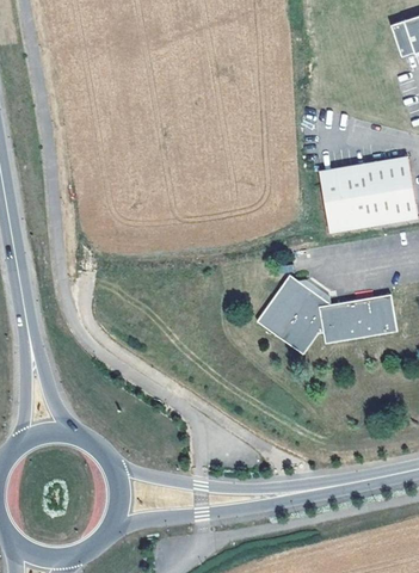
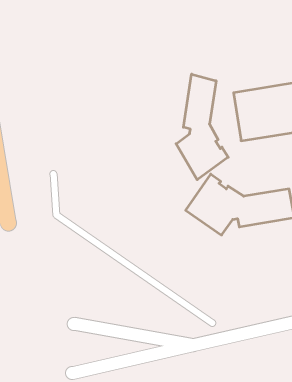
building: none -> [176,74,228,180]

